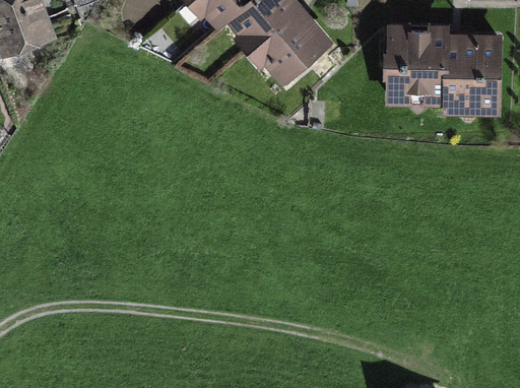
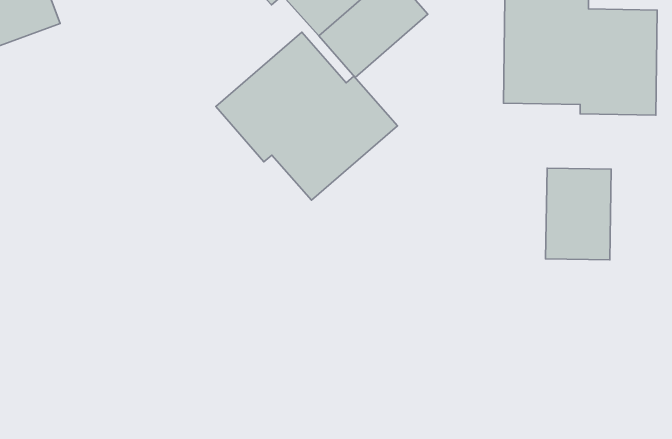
building: none -> [216,32,397,200]
building: none -> [546,168,611,260]

